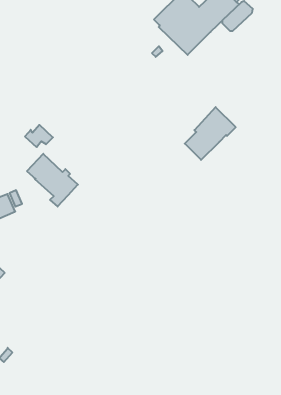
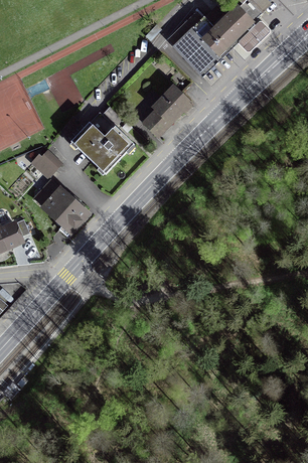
building: none -> [70,106,133,173]
building: [185,107,236,160] -> [141,84,194,139]

